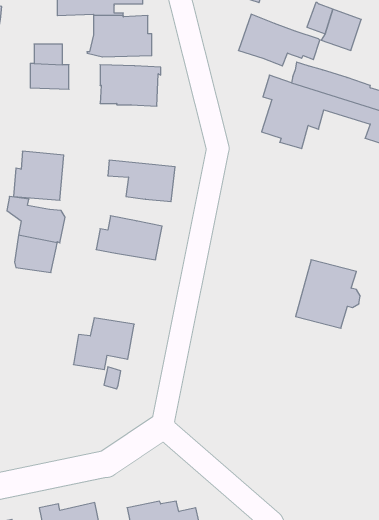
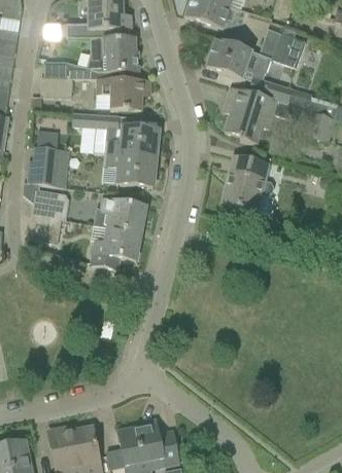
building: none -> [70,112,158,158]
building: [296,260,360,328] -> [220,156,272,211]
building: [73,318,134,370] -> [92,227,140,268]

